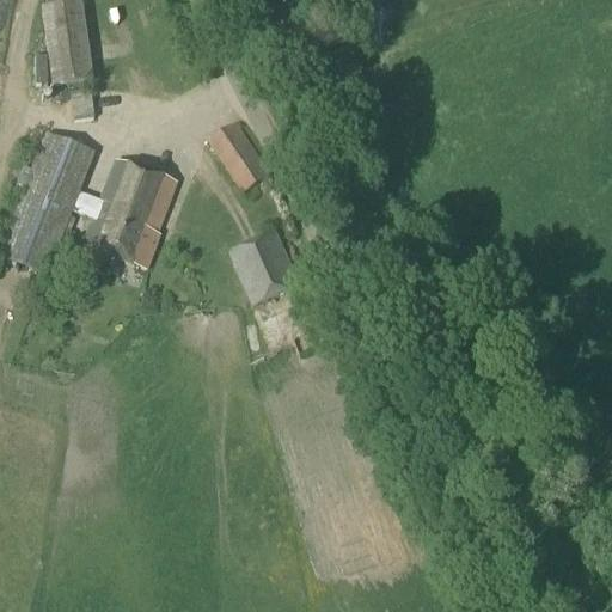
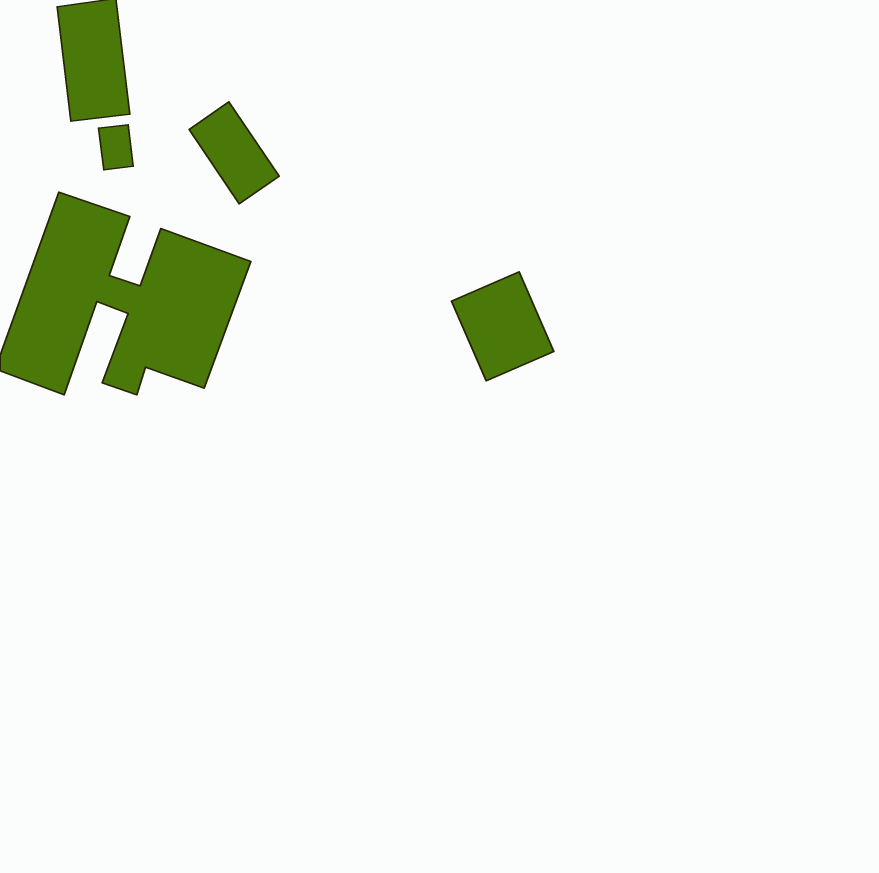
building: [210,118,273,189] -> [189,102,279,204]
building: [231,228,301,304] -> [452,272,554,381]

